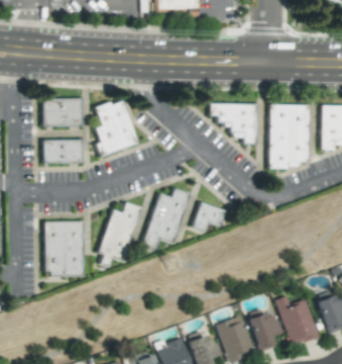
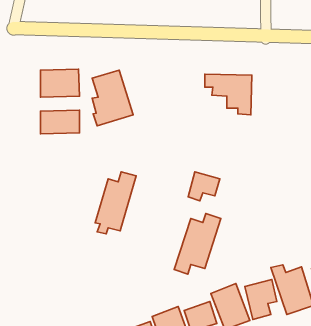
building: [268,104,309,168] -> none
building: [142,188,190,250] -> [174,213,221,274]
building: [45,221,85,277] -> none

